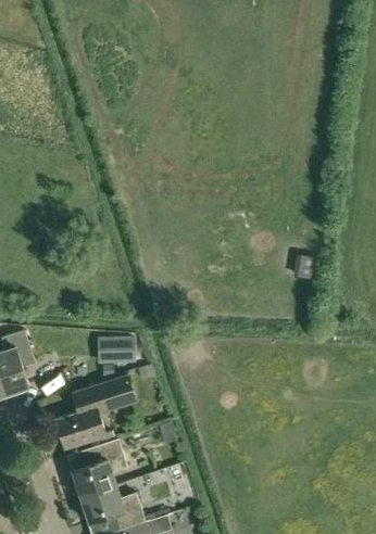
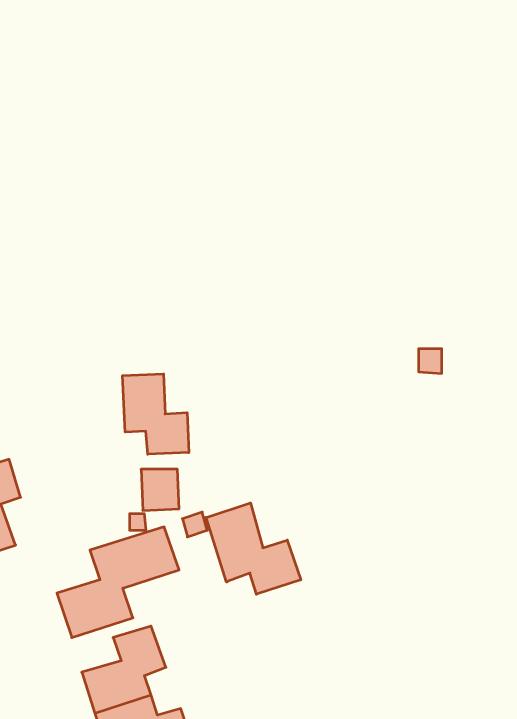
building: none -> [123,374,189,454]
building: none -> [206,503,301,594]

